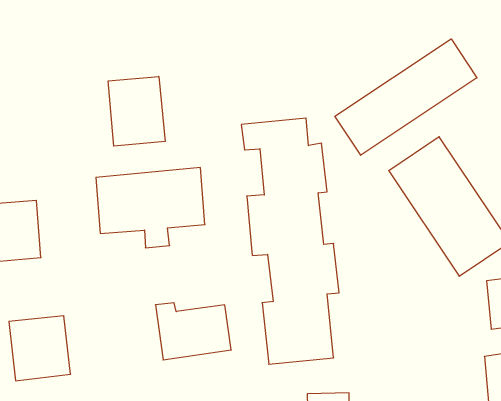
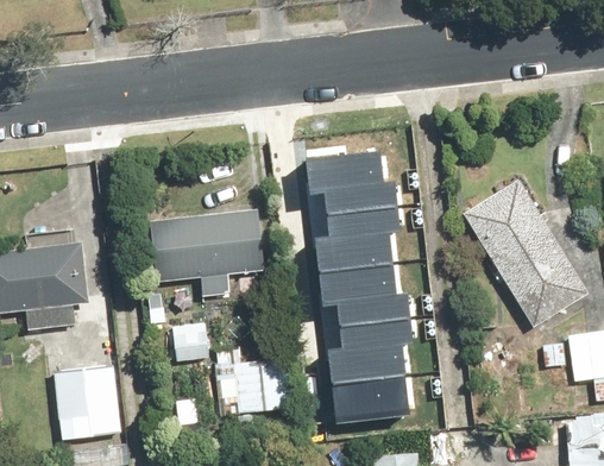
building: [335,39,477,155] -> none
building: [108,76,165,146] -> none

